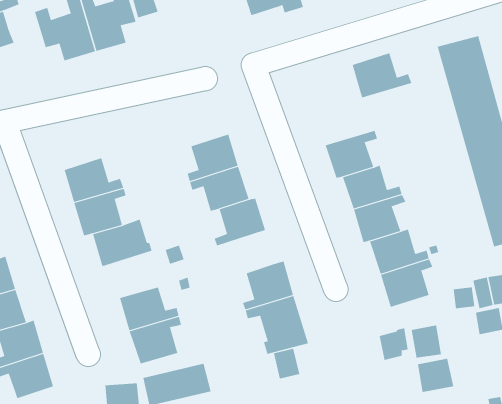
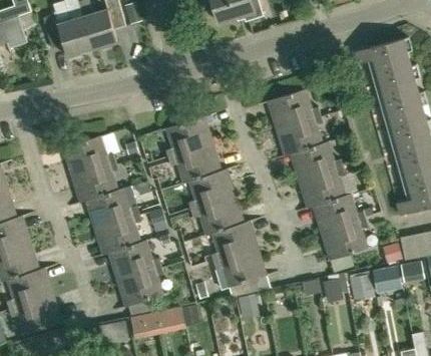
building: [352,52,412,98] -> [271,90,320,127]
building: none -> [190,197,239,234]
building: none -> [97,214,140,254]
building: [417,358,454,393] -> [372,266,402,294]

